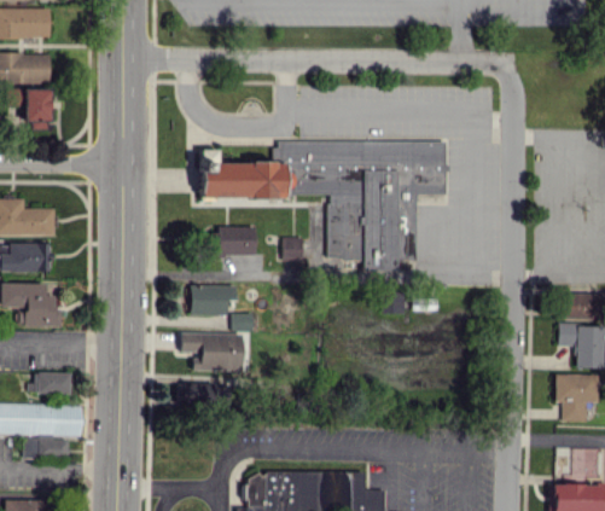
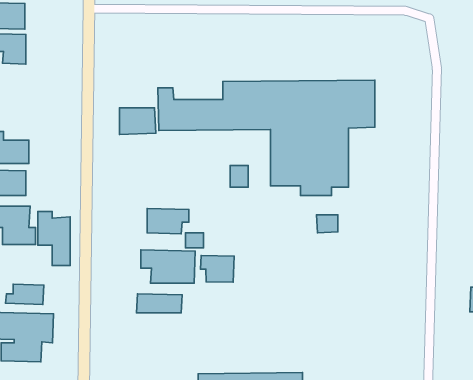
building: [215,226,256,256] -> [119,108,156,134]
building: none -> [38,212,70,265]
building: none -> [201,255,234,282]

